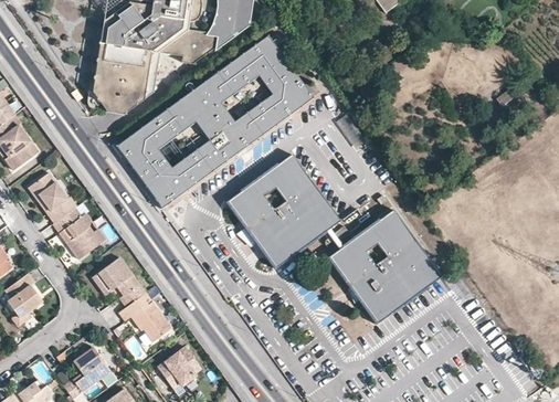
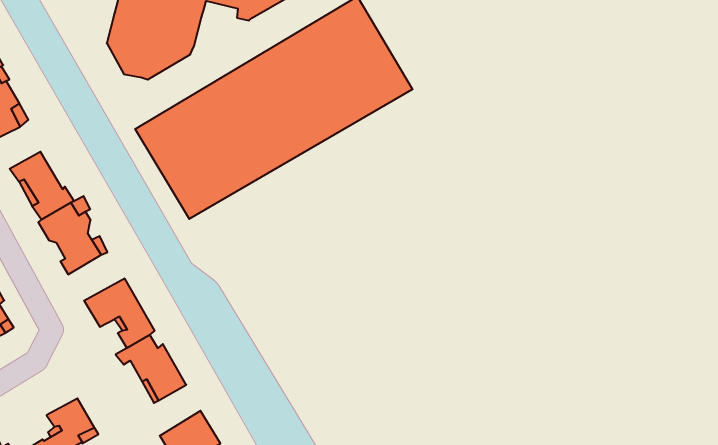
building: [228,156,340,267] -> none
building: [327,210,439,321] -> none

